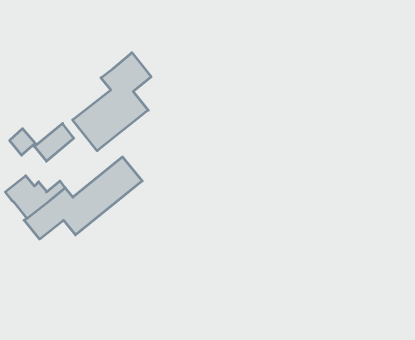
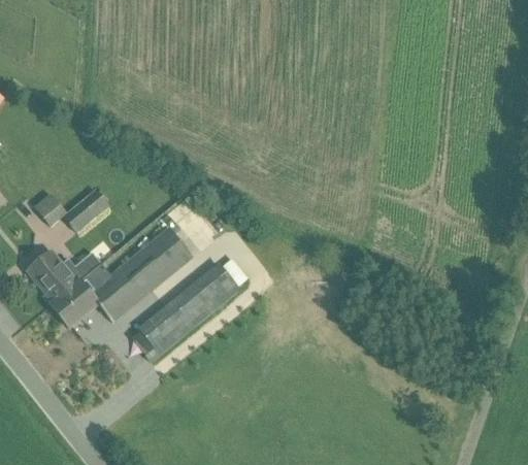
building: [73,53,151,151] -> none
building: none -> [138,267,235,353]

